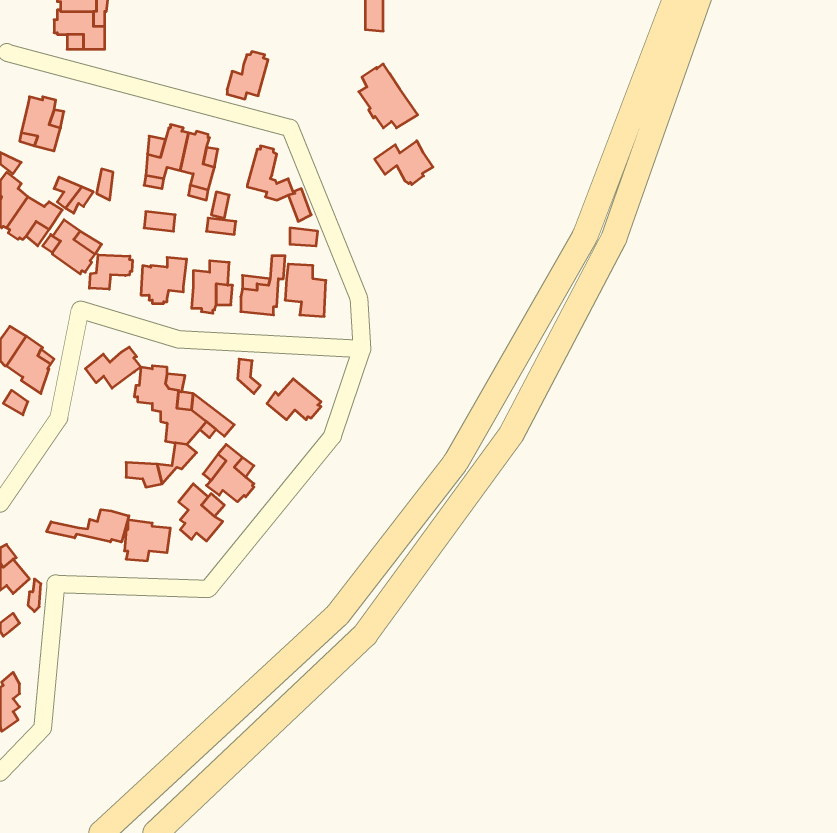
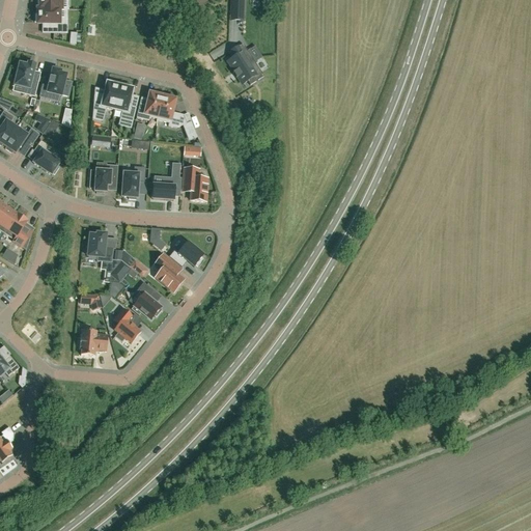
building: [227,52,268,99] -> [137,89,163,119]
building: none -> [39,67,71,97]
building: [375,141,433,185] -> none
building: [89,255,132,289] -> none
building: [85,347,141,388] -> none
building: none -> [155,253,183,290]
building: [47,510,129,542] -> none

